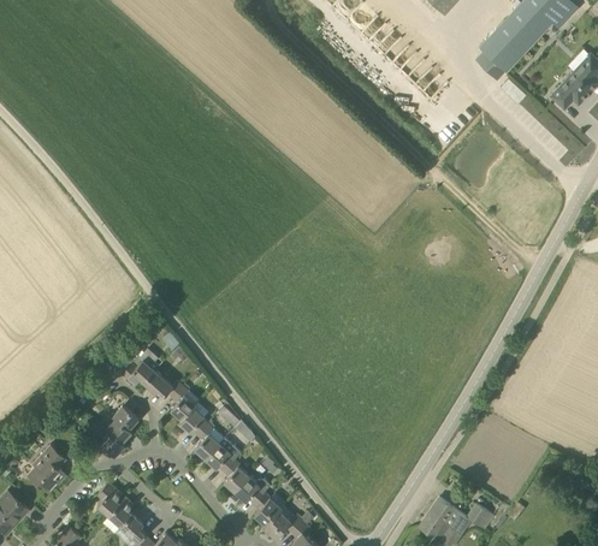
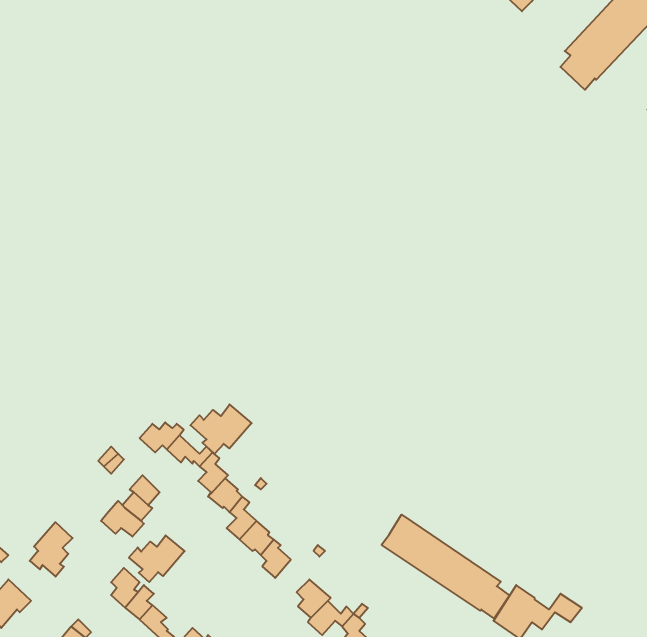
building: none -> [190,404,252,454]
building: none -> [382,515,510,619]
building: none -> [129,535,185,582]
building: [236,475,271,503] -> none

